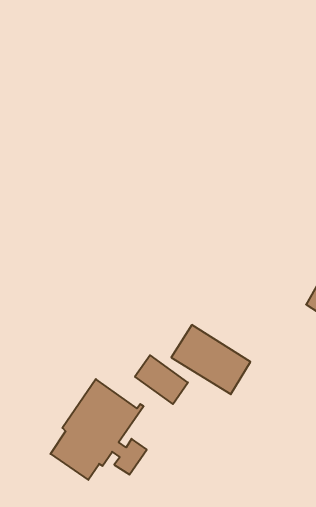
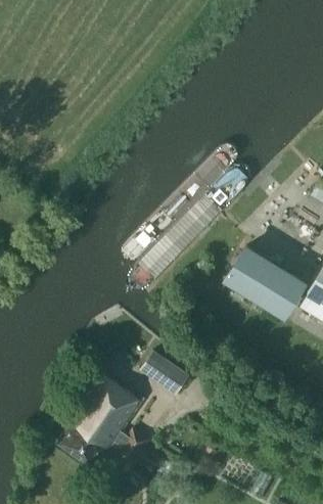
building: [171,325,250,394] -> [228,246,303,312]

